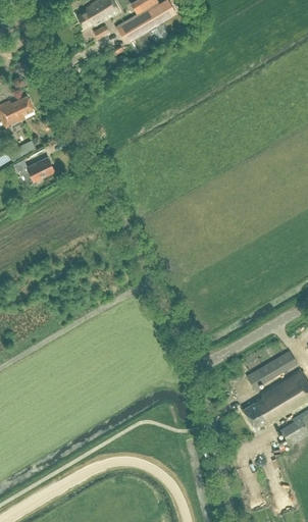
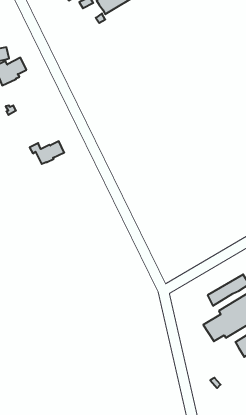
building: [13,157,54,184] -> [30,141,64,164]

